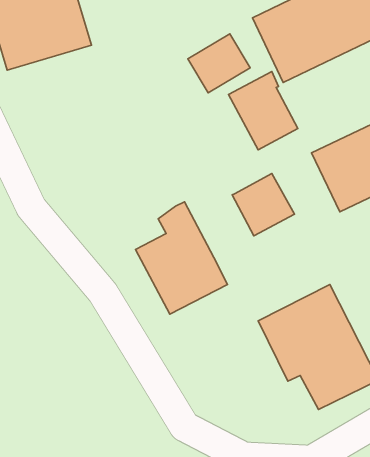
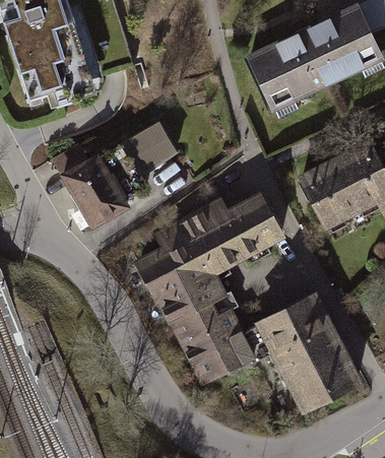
building: [188,34,250,93] -> [121,126,177,179]
building: [229,72,298,150] -> [185,200,247,270]
building: none -> [57,154,126,228]
building: none -> [172,295,254,382]

